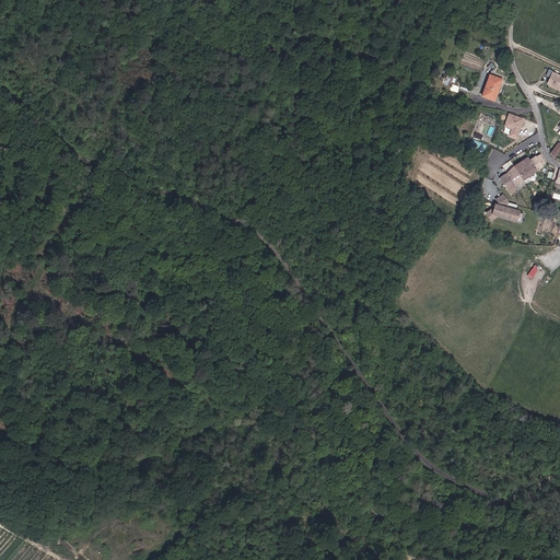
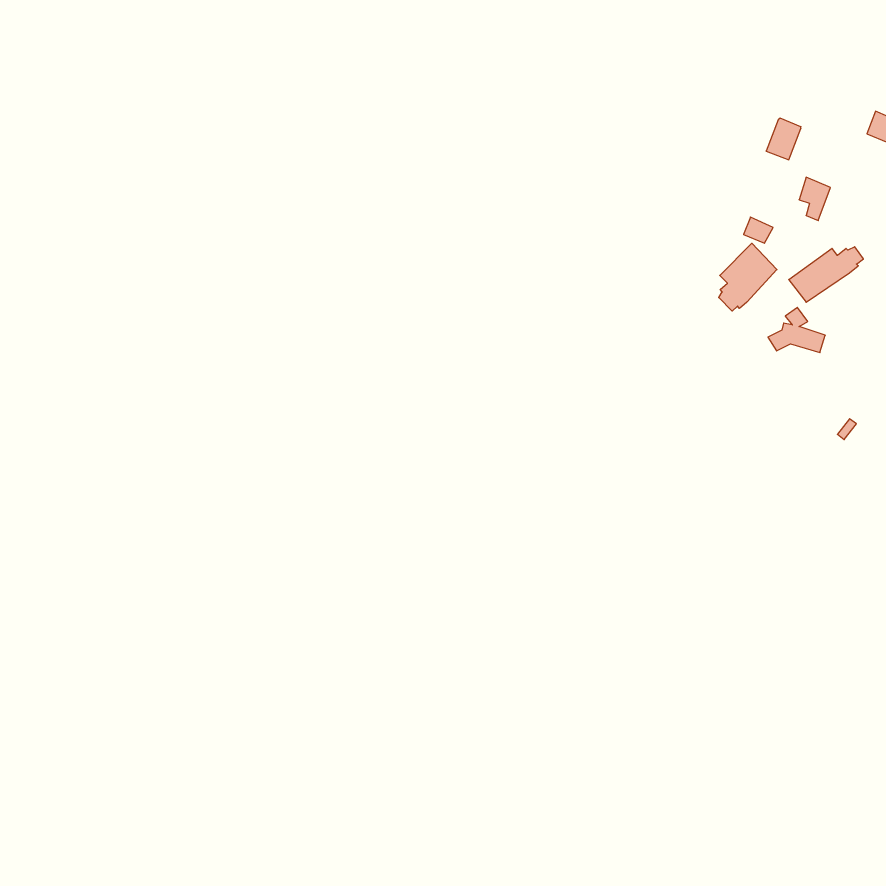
building: none -> [719,243,777,311]

